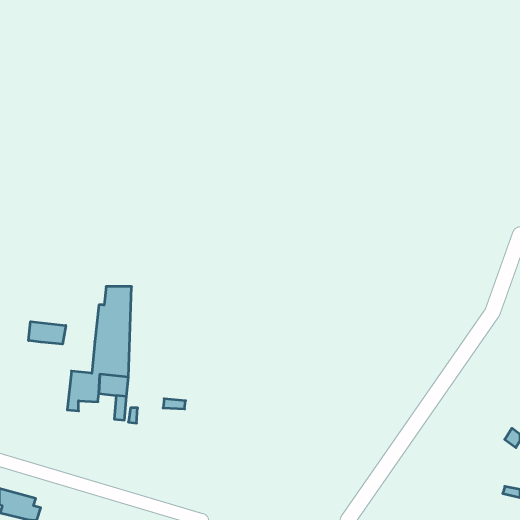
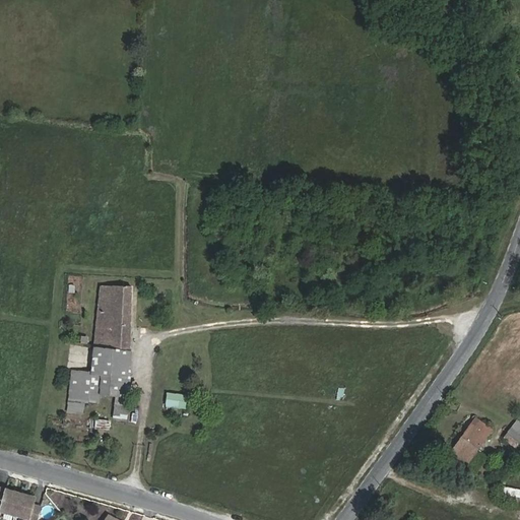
building: [29,322,66,344] -> none
building: none -> [452,421,490,460]

